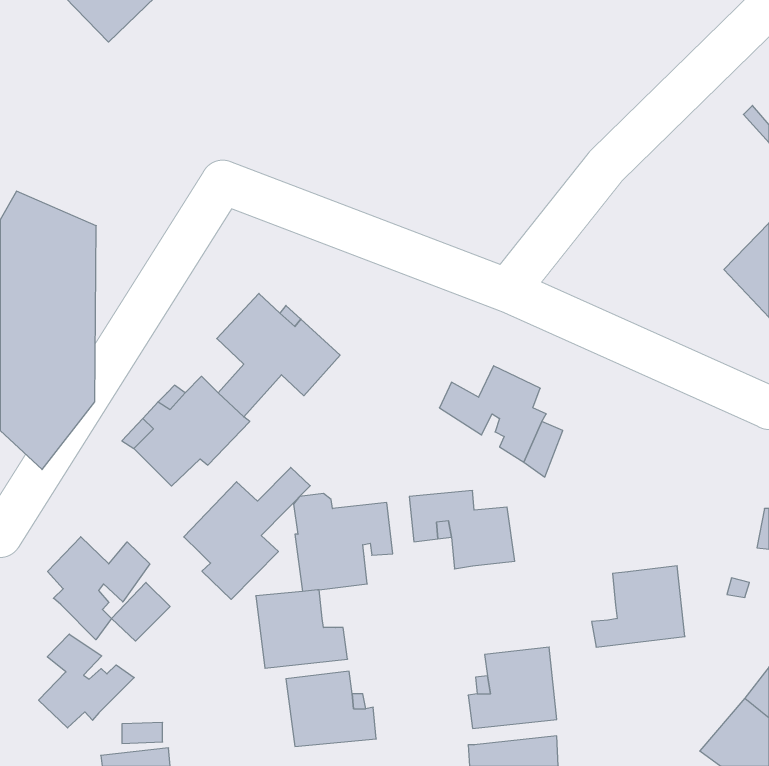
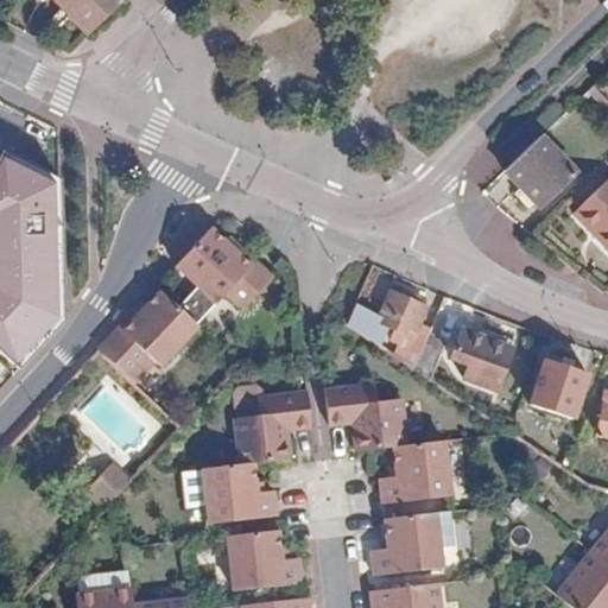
building: none -> [502,133,577,210]
building: none -> [449,325,512,390]
building: none -> [528,356,589,418]
building: [184,467,310,599] -> none
building: [48,537,150,640] -> none
building: [592,566,685,647] -> [378,438,451,502]
building: [39,634,134,728] -> none

